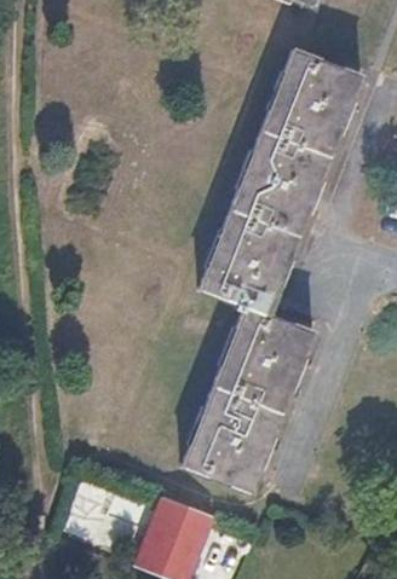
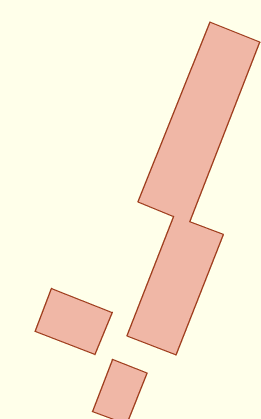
building: none -> [35,288,112,355]

